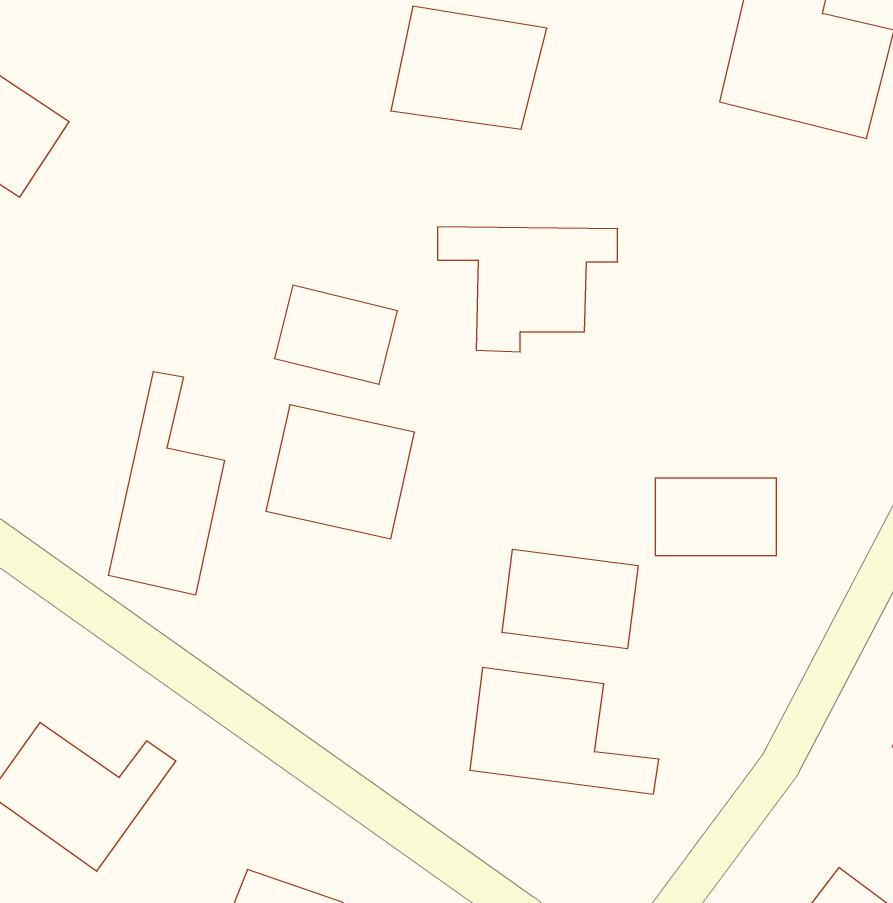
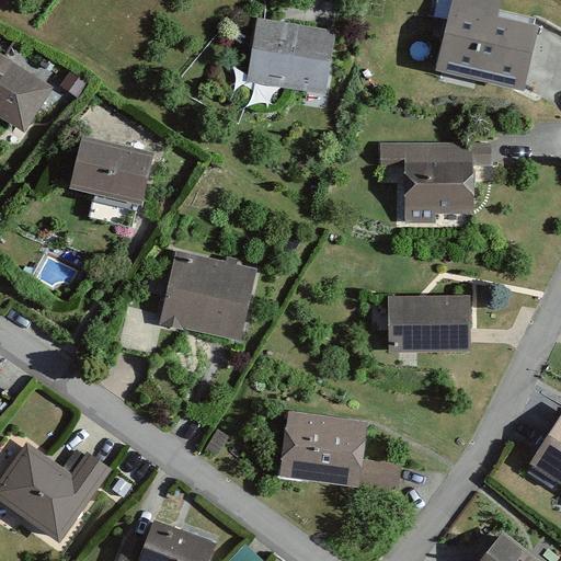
building: [438,227,618,352] -> [383,144,491,218]
building: [274,285,398,384] -> [76,133,149,192]
building: [108,371,224,595] -> none
building: [502,549,638,649] -> none

